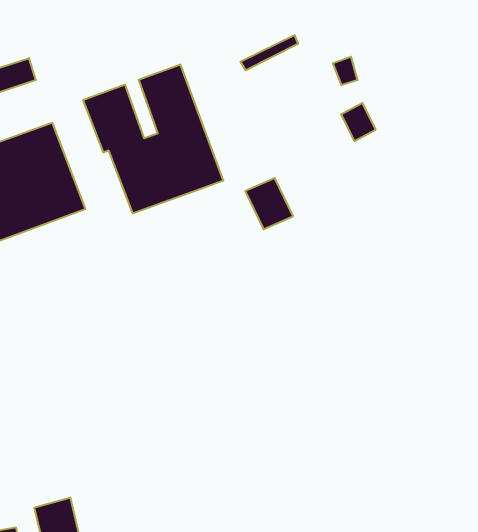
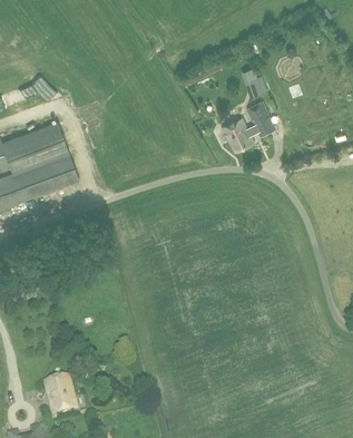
building: [83,64,223,213] -> none
building: [245,178,293,229] -> [223,118,255,153]

